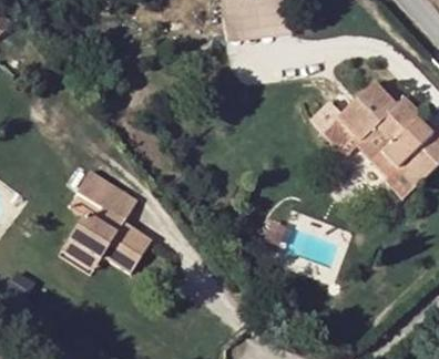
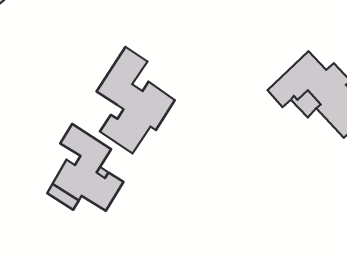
building: none -> [97,47,175,154]

